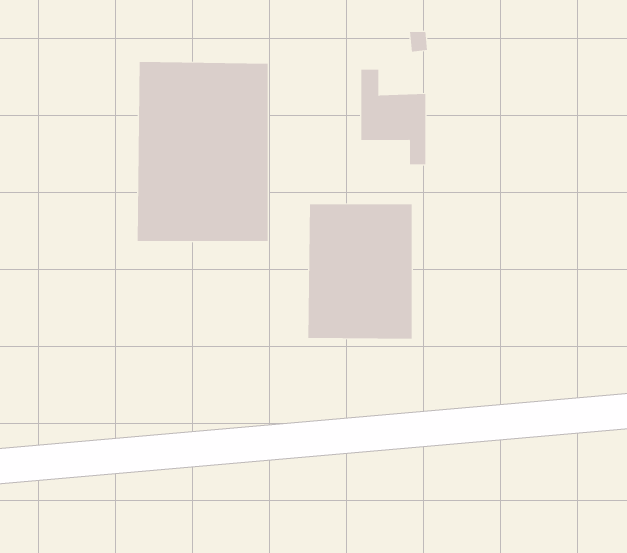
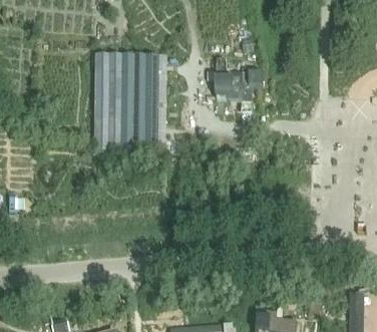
building: [308,204,412,339] -> none

